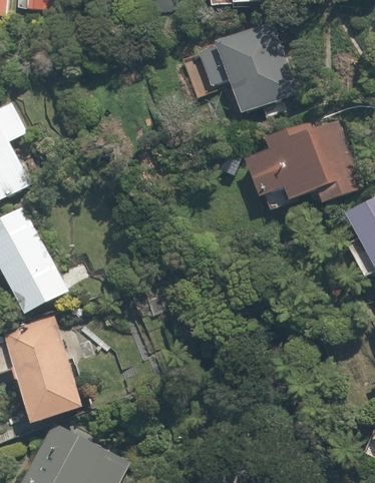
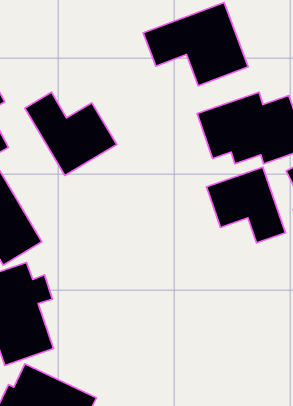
building: none -> [25,92,117,176]
building: none -> [206,167,285,243]

